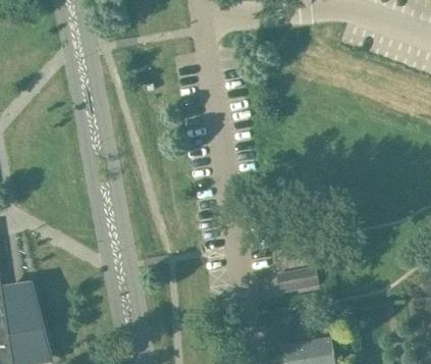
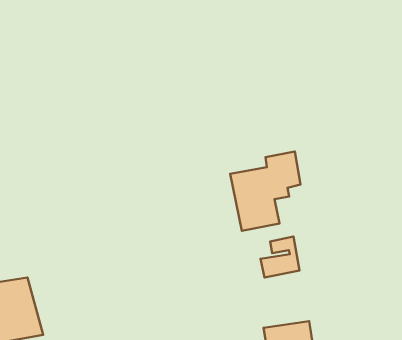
building: none -> [230,152,300,231]

